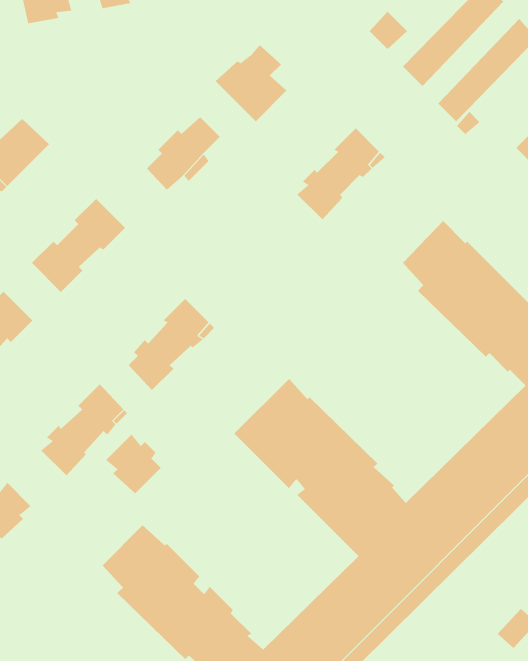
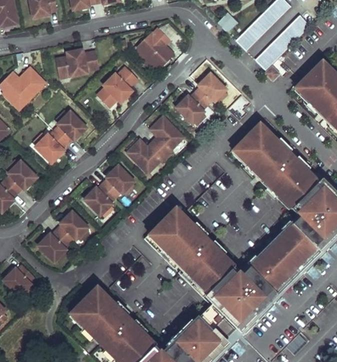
building: none -> [55,51,99,75]
building: none -> [127,116,183,172]
building: [105,434,161,494] -> none

